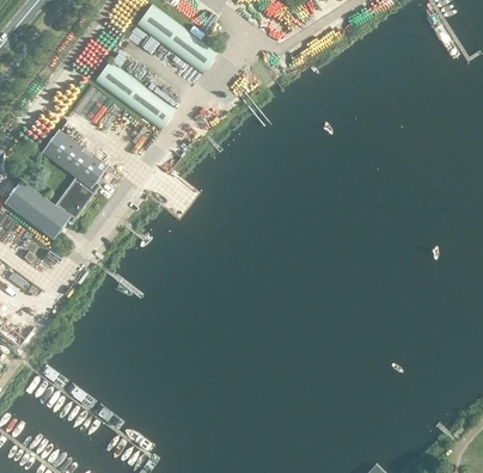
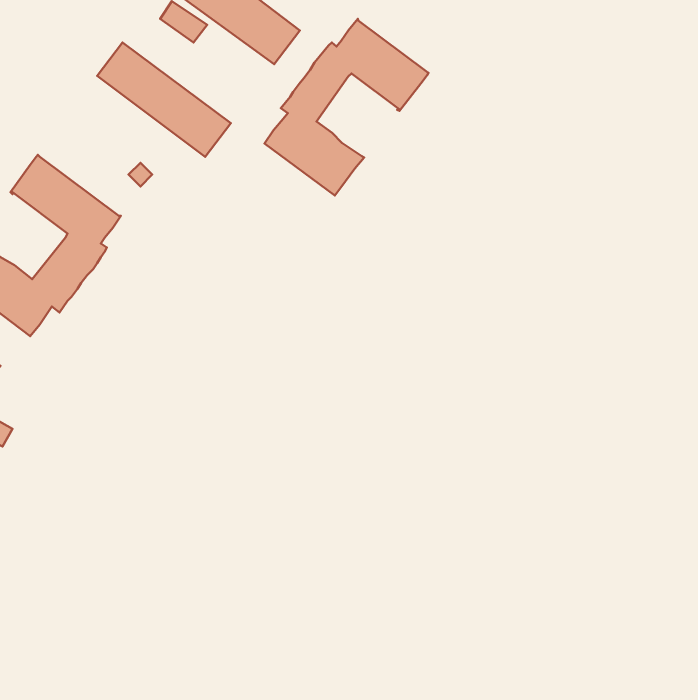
building: none -> [265,19,429,196]

